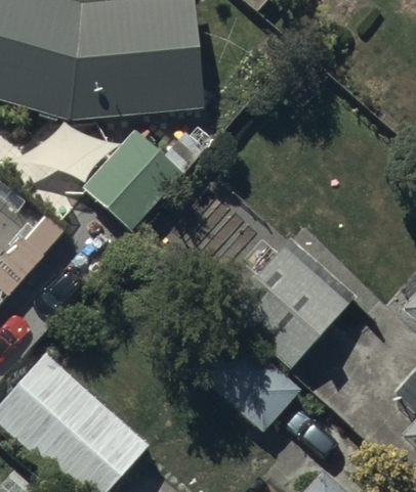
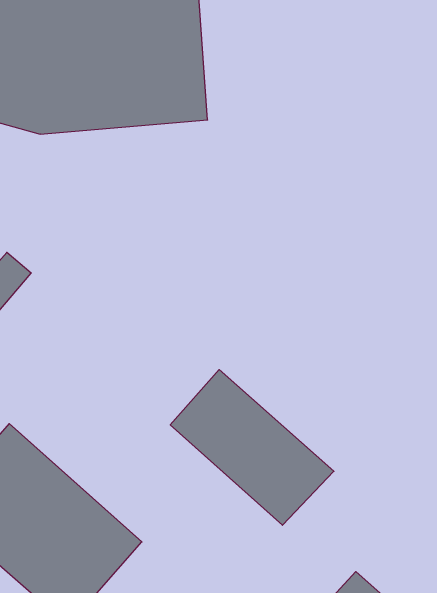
building: [82,127,188,233] -> none
building: [225,241,351,367] -> none

